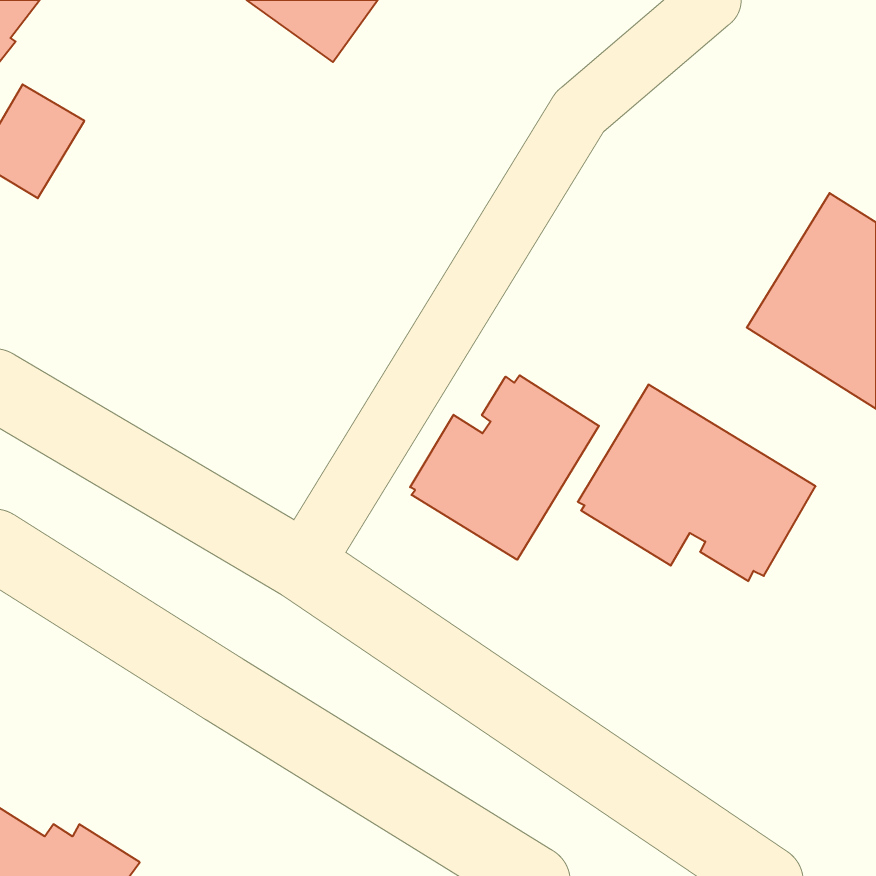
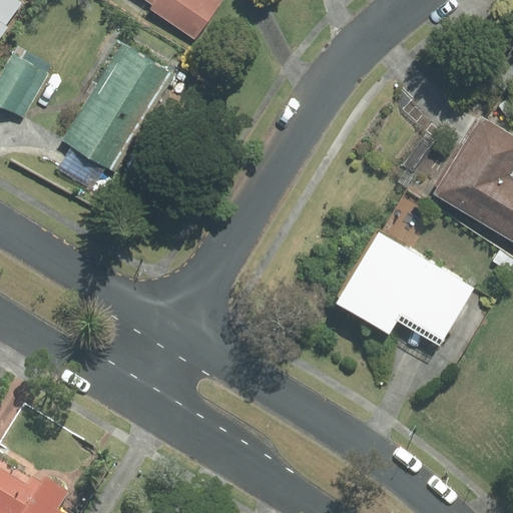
building: none -> [61,42,175,173]
building: [410,375,599,560] -> none

